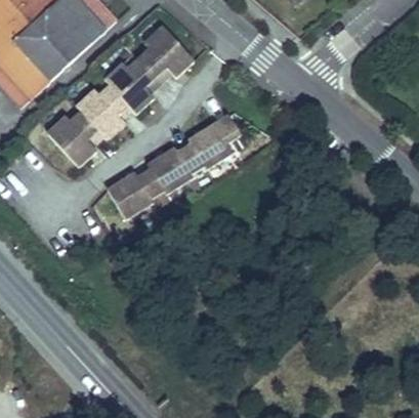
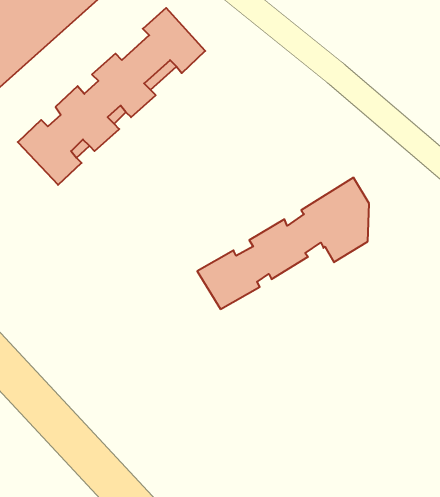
building: [107,112,242,215] -> [197,178,369,309]

